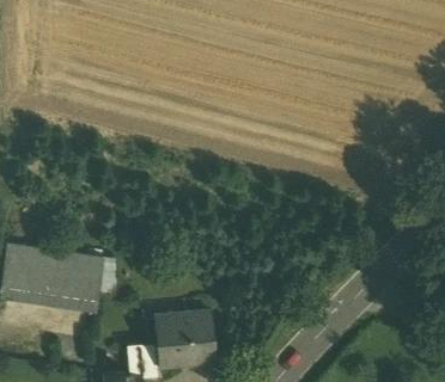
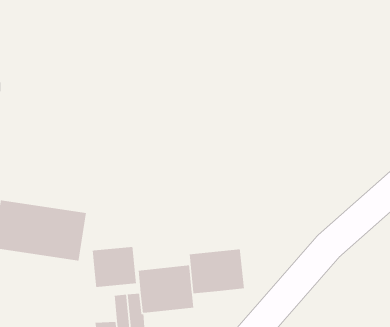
building: none -> [92,246,137,288]
building: none -> [189,248,245,294]

